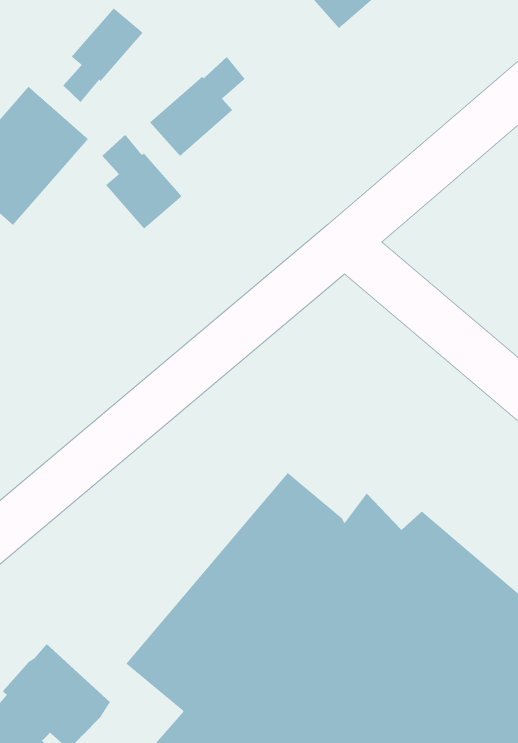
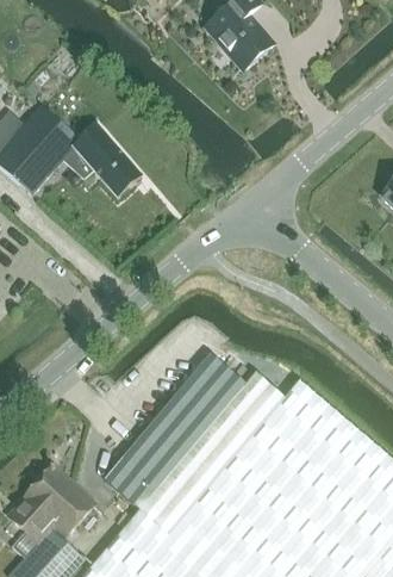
building: [63,7,144,103] -> none
building: [149,56,246,157] -> none

